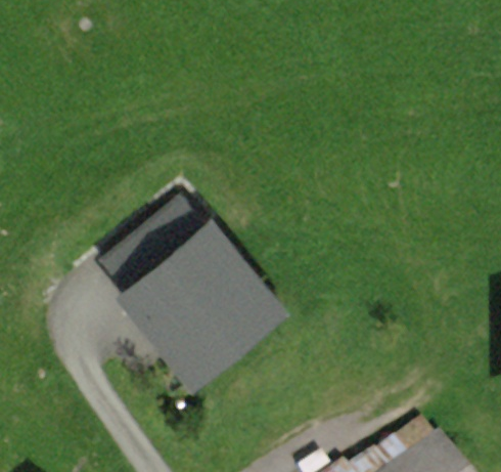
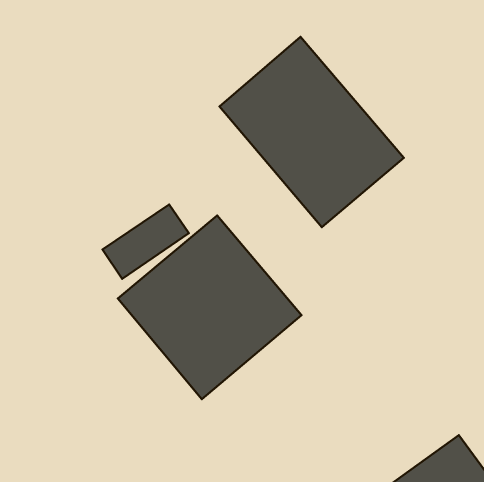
building: none -> [220,37,404,227]

